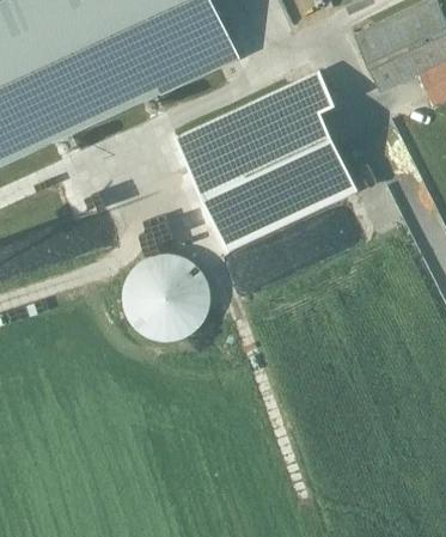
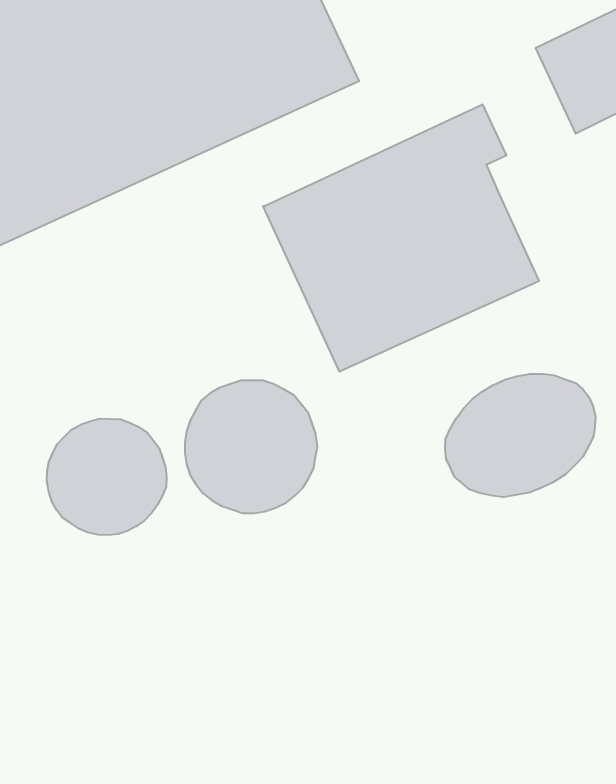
building: none -> [445,374,595,497]
building: none -> [47,419,166,535]

